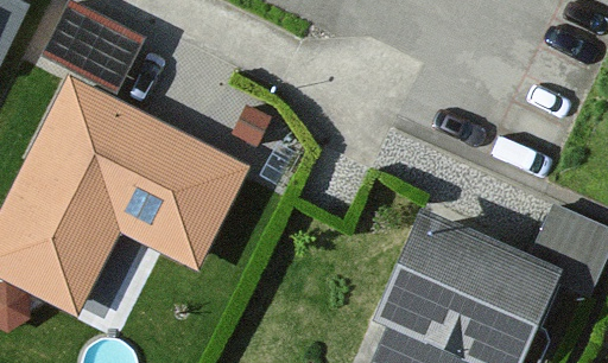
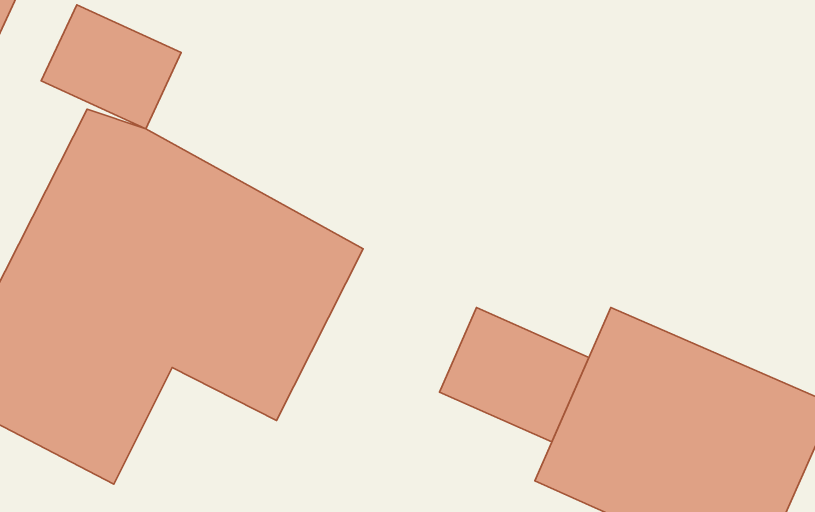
building: none -> [440,308,589,442]

